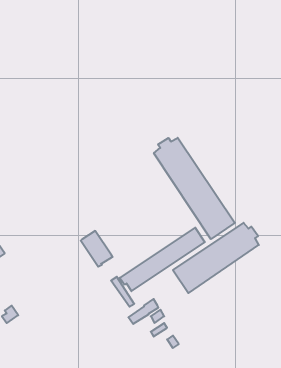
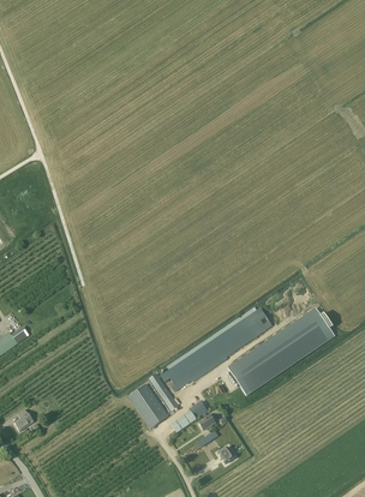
building: [154,138,235,239] -> none
building: [81,231,113,267] -> [130,384,169,429]

